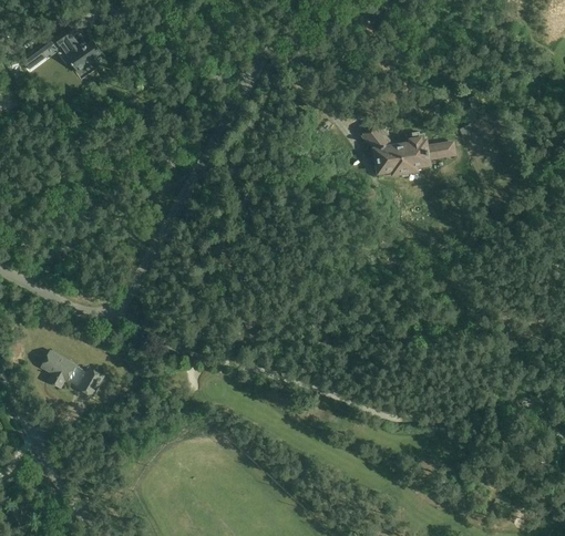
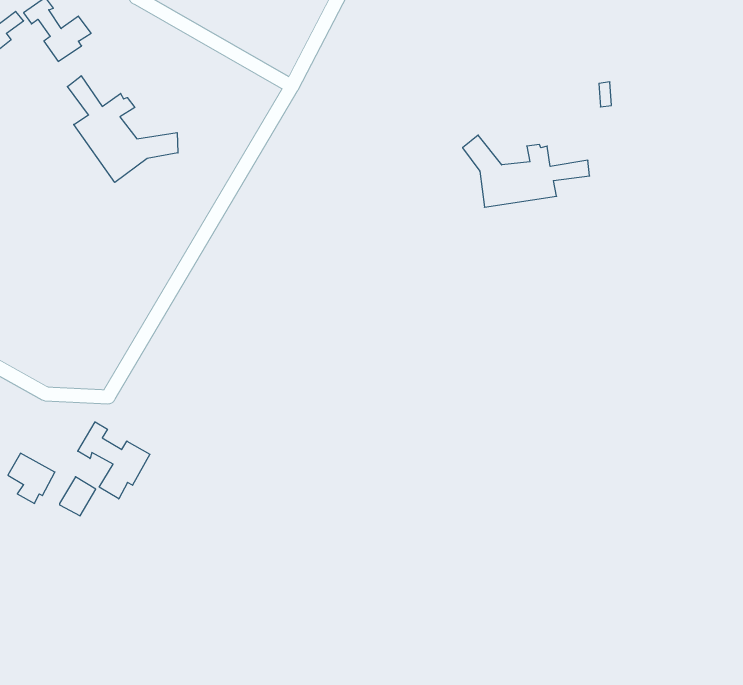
building: none -> [67,76,178,182]
building: none -> [78,422,150,499]

